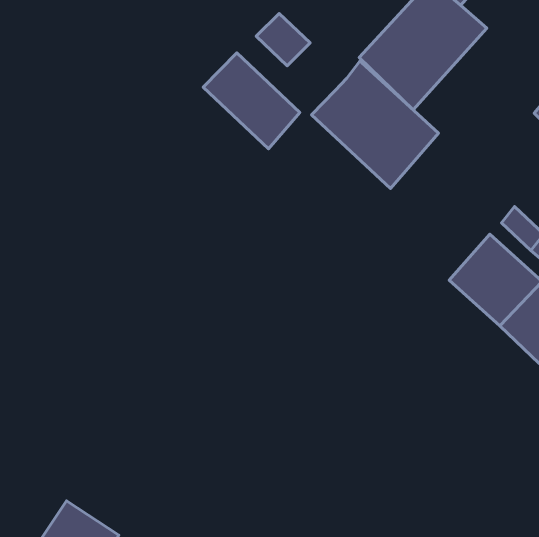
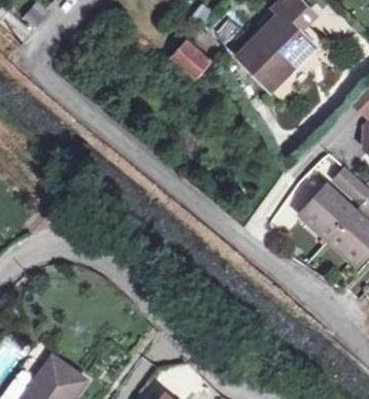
building: [203,53,300,149] -> none
building: [312,61,438,188] -> none

